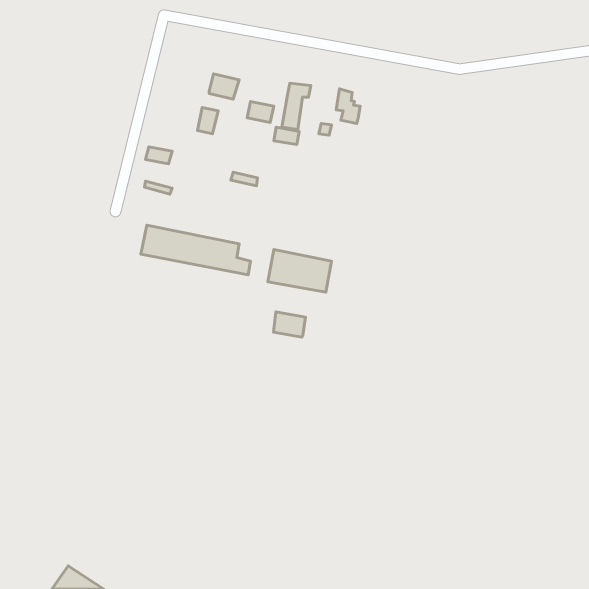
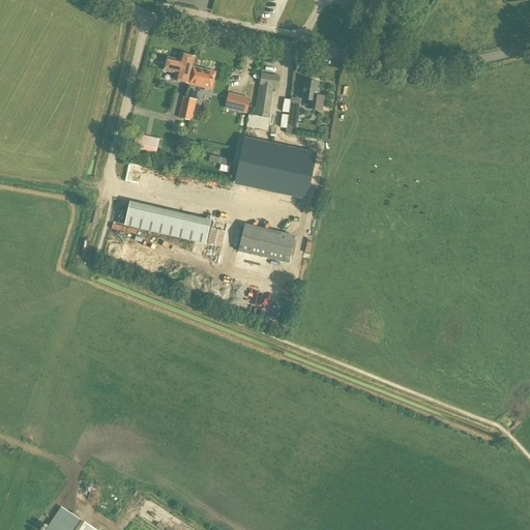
building: none -> [164,54,194,83]
building: none -> [233,139,314,200]
building: [274,312,306,337] -> none

